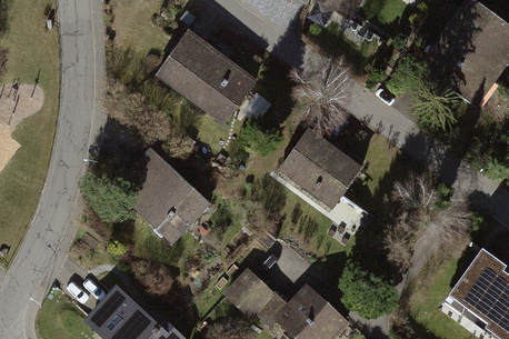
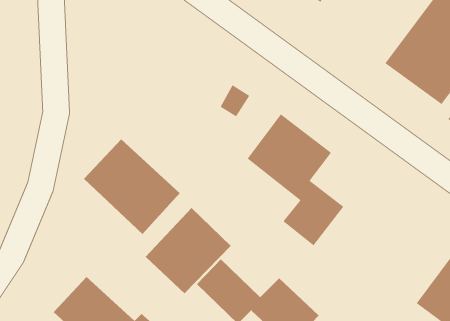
building: [156,28,258,126] -> none
building: none -> [145,207,231,294]

